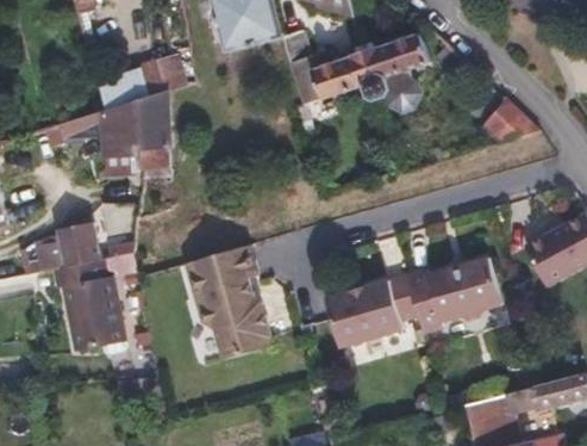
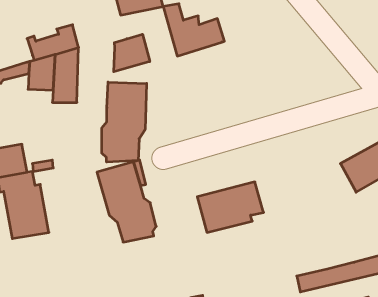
building: [355,35,426,114] -> none
building: none -> [114,34,150,72]
building: [485,100,536,142] -> none
building: none -> [102,82,147,162]
building: [406,259,502,333] -> none

